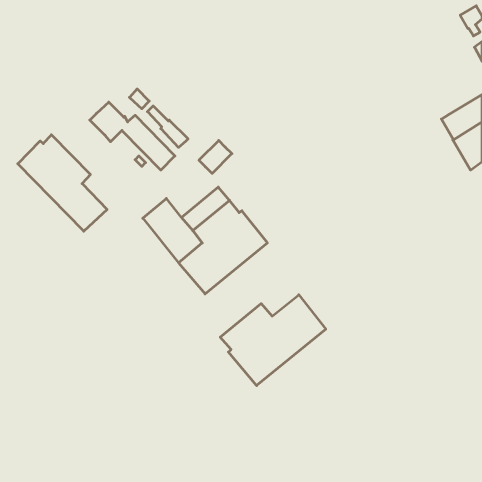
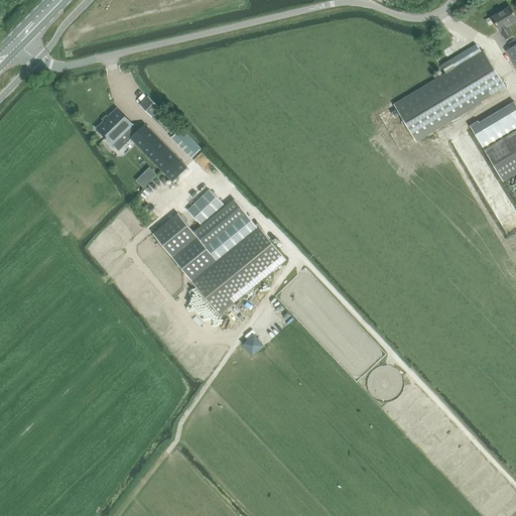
building: none -> [393,43,503,138]
building: [18,135,107,231] -> none
building: [199,140,232,173] -> [187,189,223,225]
building: [220,295,326,386] -> none

